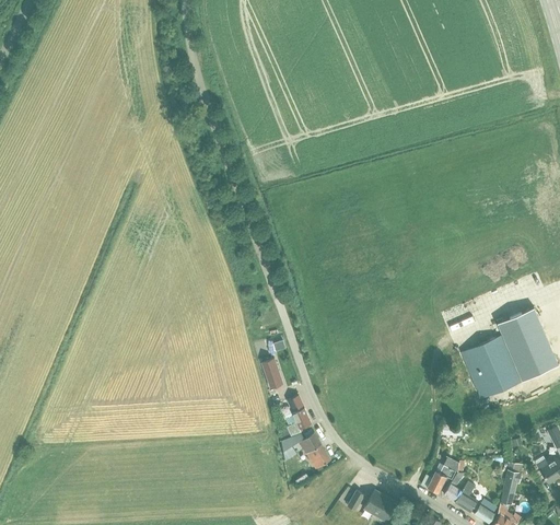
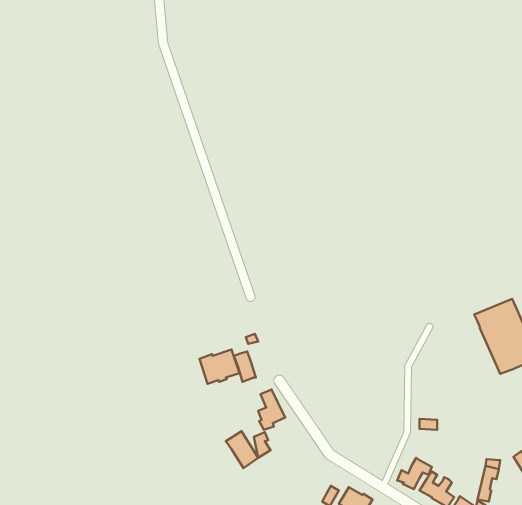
building: [462,335,522,398] -> none
building: none -> [199,350,240,384]
building: [299,433,330,469] -> [226,431,258,468]

